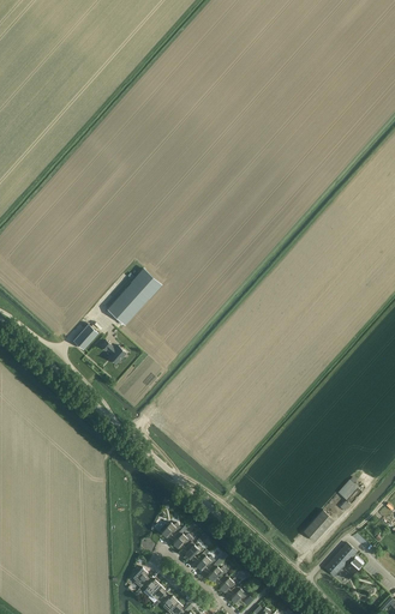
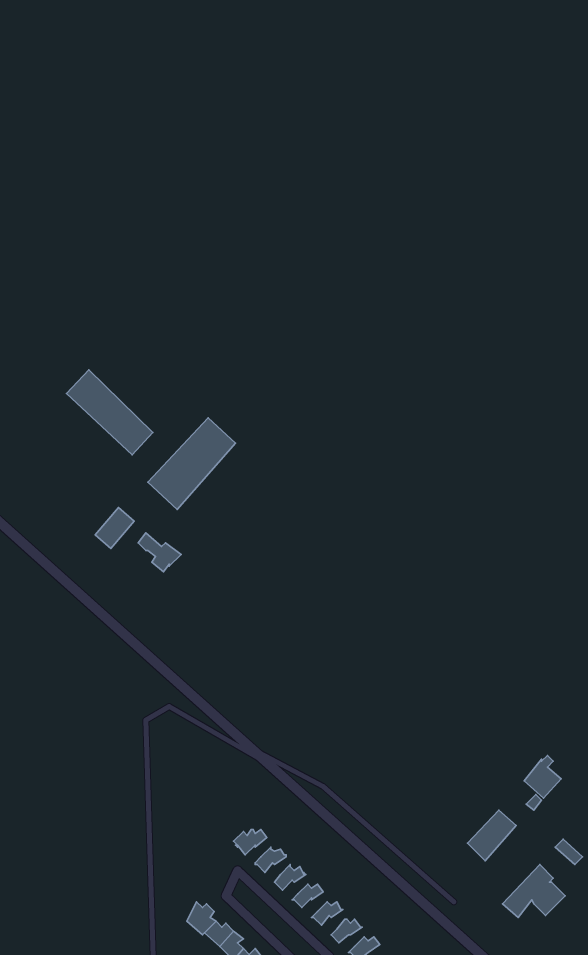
building: none -> [67,370,153,455]

